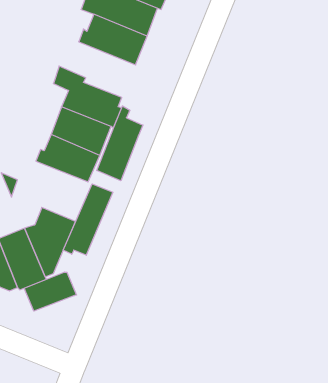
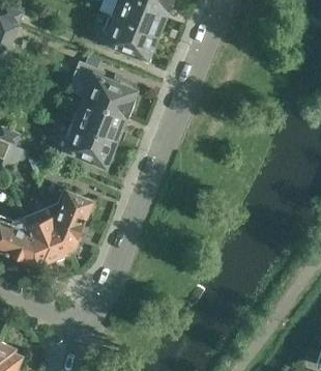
building: [97,106,143,181] -> none
building: [63,184,113,255] -> none
building: [24,272,76,311] -> none

